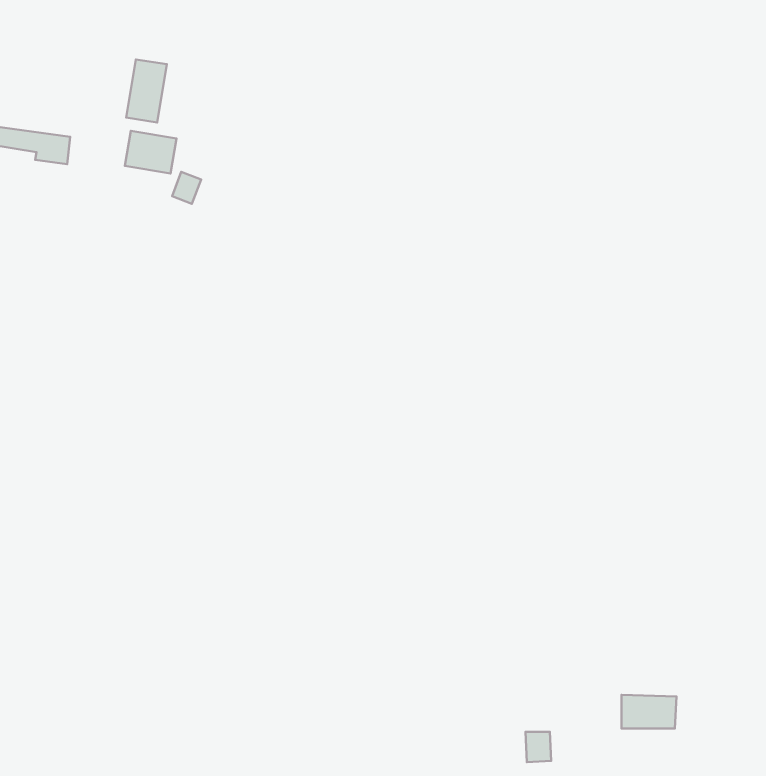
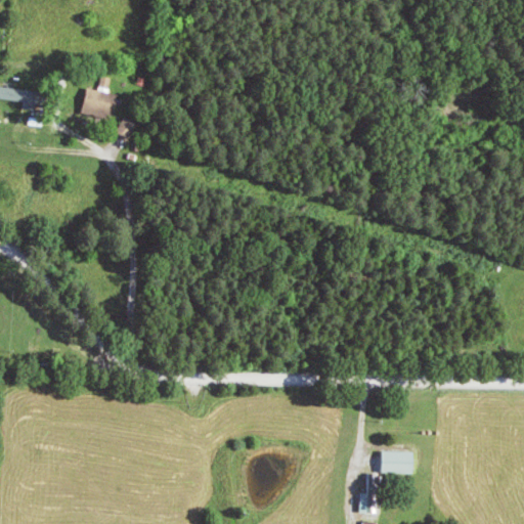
building: [126,59,167,122] -> none
building: [622,695,676,728] -> [375,451,411,474]

